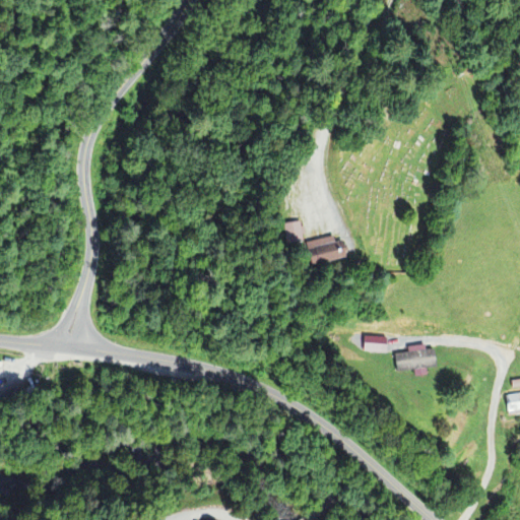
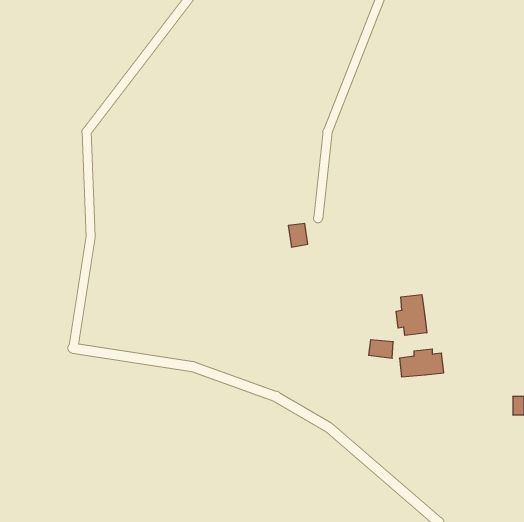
building: [307,234,342,266] -> none
building: none -> [396,295,427,335]

